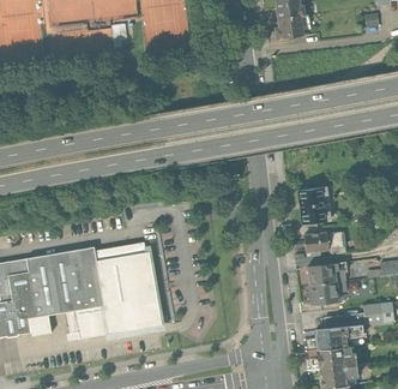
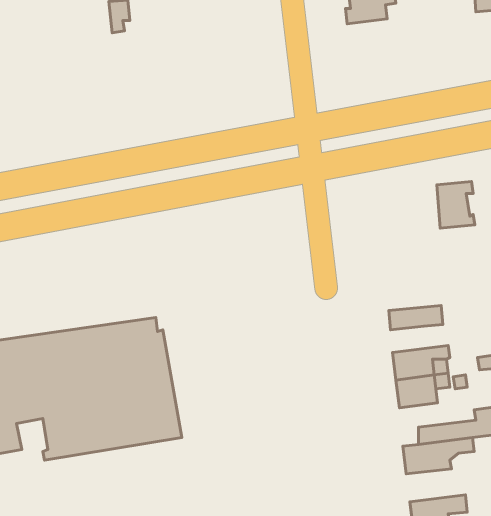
building: [300,187,326,220] -> [437,181,475,228]
building: [316,345,357,369] -> none

